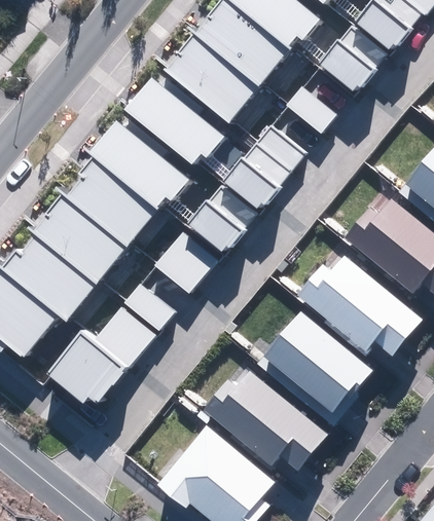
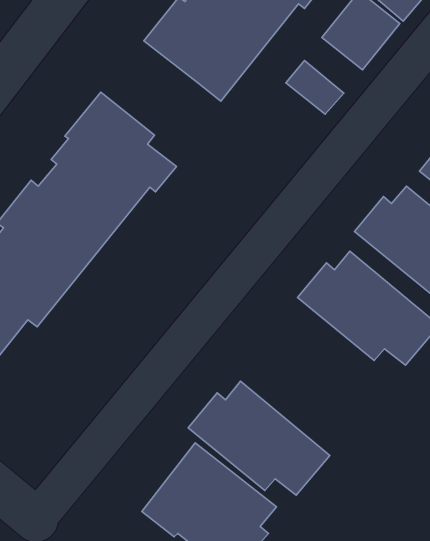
building: [126,72,226,164] -> none
building: [154,126,304,294] -> none
building: [46,283,176,405] -> none
building: [262,312,372,413] -> none

